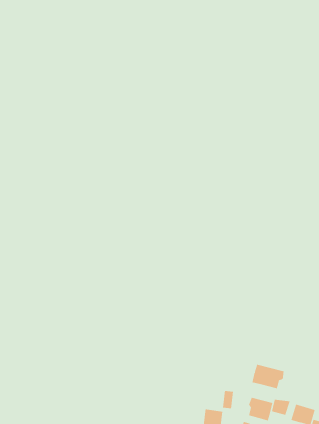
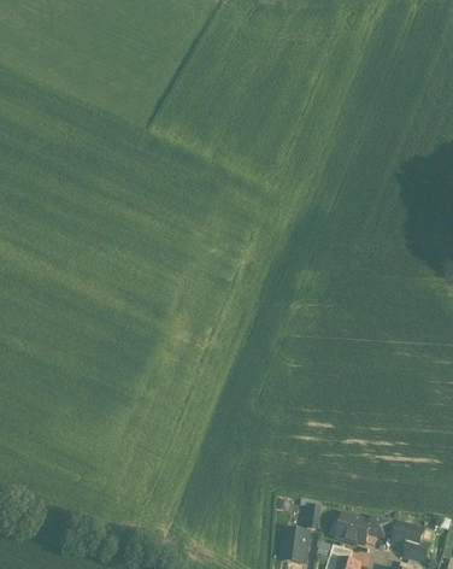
building: [252,364,284,389] -> none

